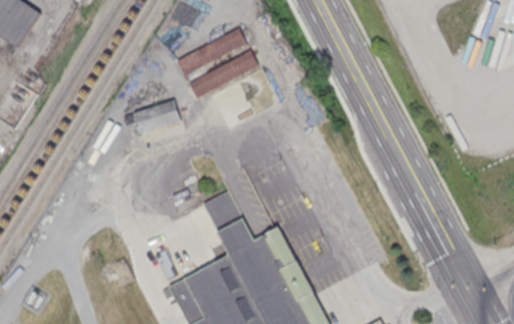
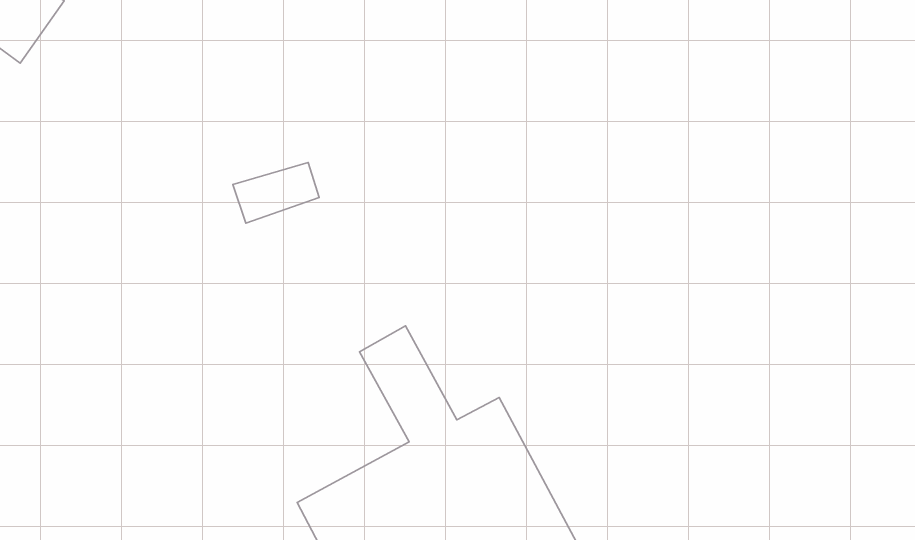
building: [175,29,244,76] -> none
building: [187,50,257,99] -> none

